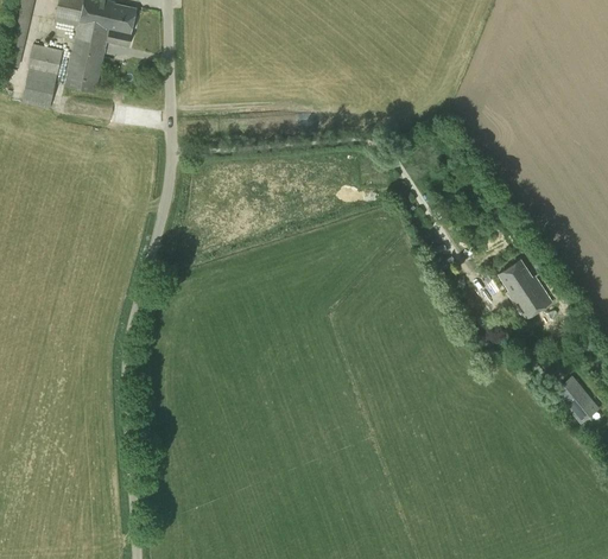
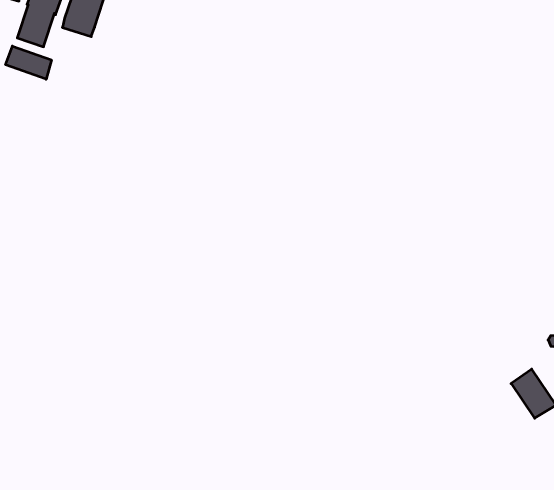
building: none -> [6,46,51,79]
building: [499,259,551,317] -> none

